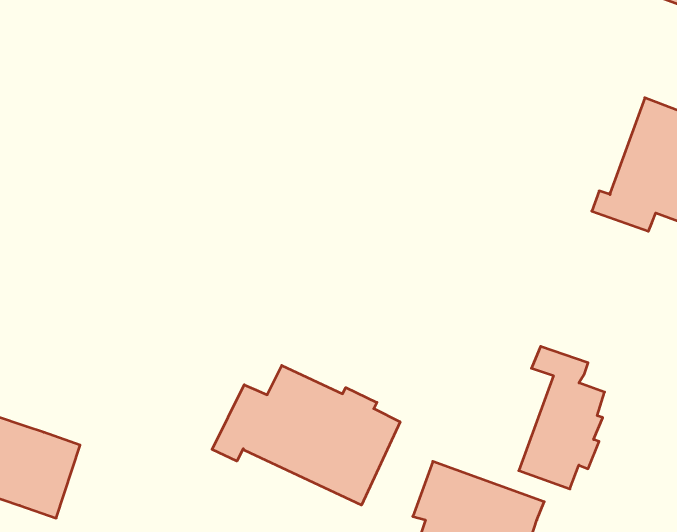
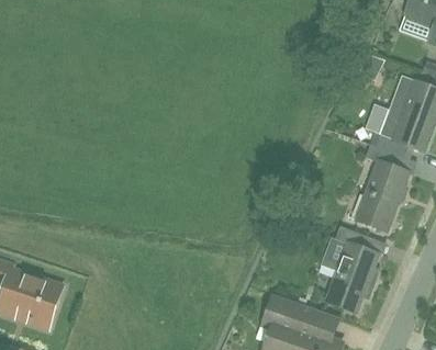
building: none -> [355,145,407,230]
building: [212,365,400,505] -> none

